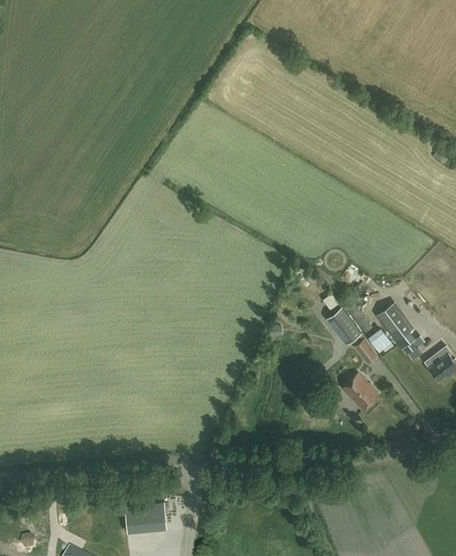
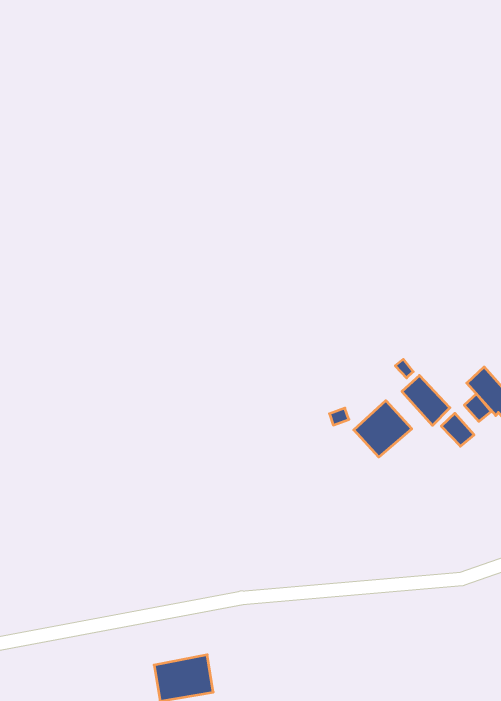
building: none -> [354,401,412,457]
building: [343,372,379,409] -> none

